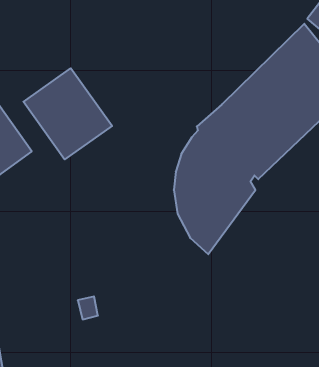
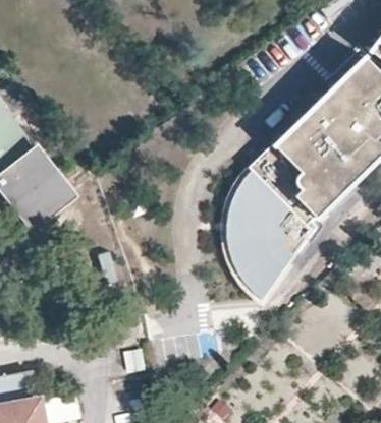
building: [23,68,112,159] -> none

